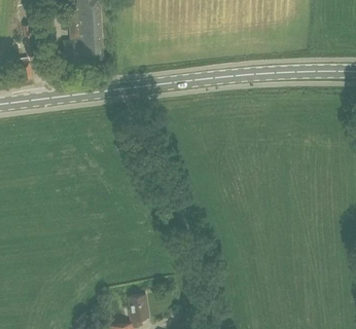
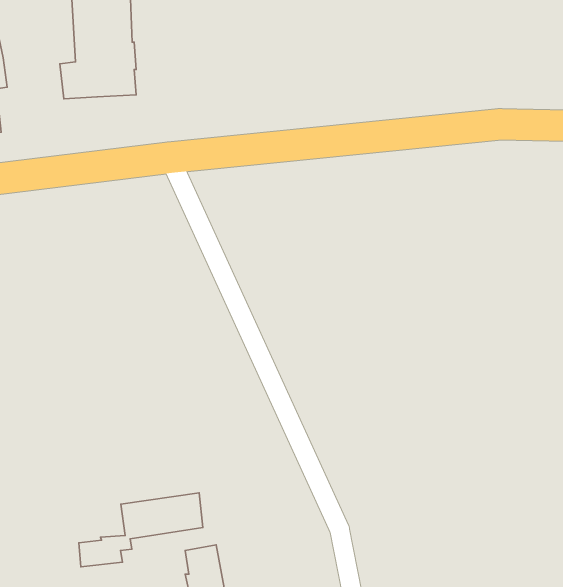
building: none -> [79,493,203,567]

